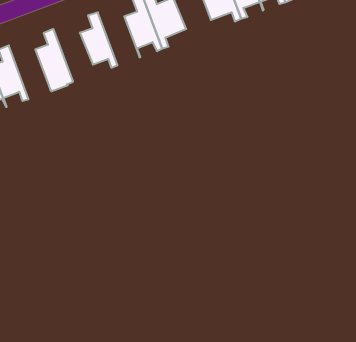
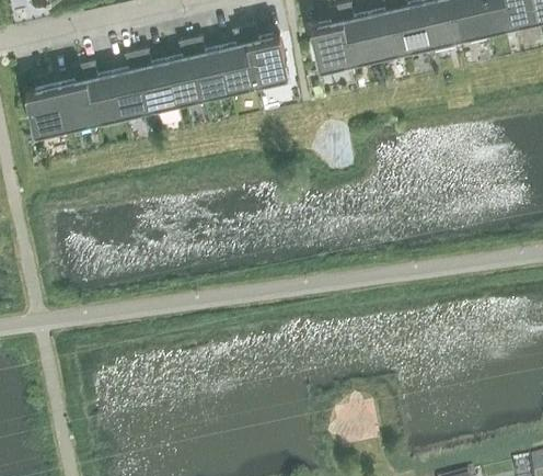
building: none -> [192,37,230,104]
building: none -> [138,49,180,116]
building: none -> [84,63,123,129]

